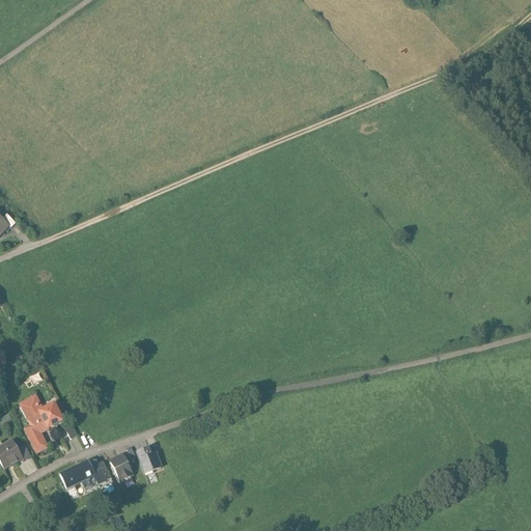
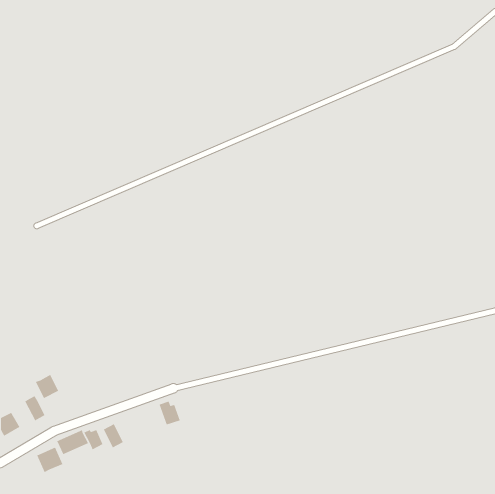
building: [20,395,47,430] -> none
building: [138,446,162,473] -> [158,400,181,426]
building: none -> [36,447,64,473]

